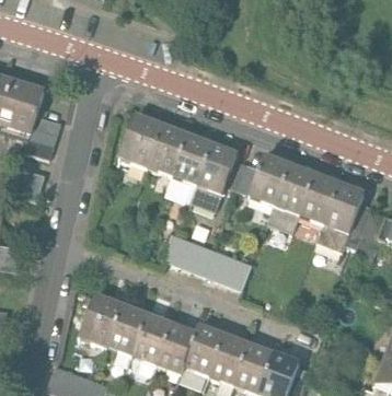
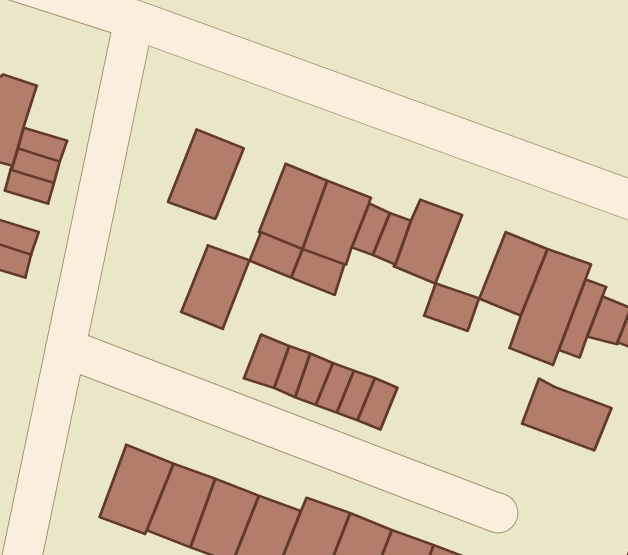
building: [147,124,186,172] -> [181,245,249,329]
building: [273,162,313,210] -> none
building: none -> [522,379,611,450]

